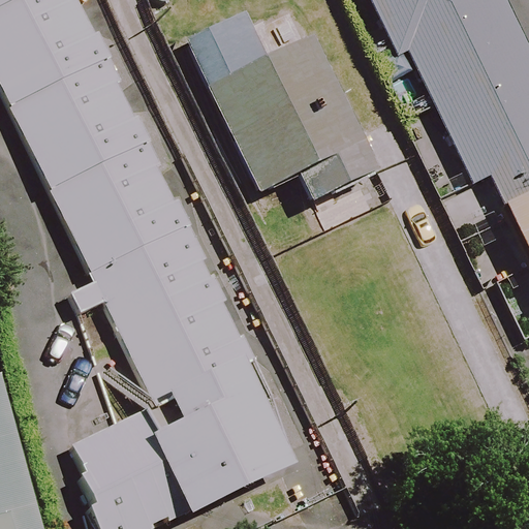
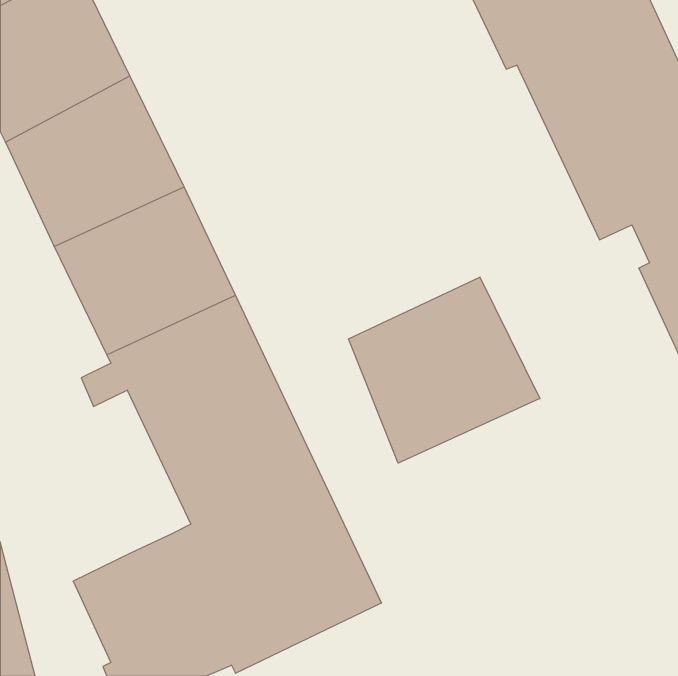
building: [187,9,372,199] -> none
building: none -> [349,277,540,463]

